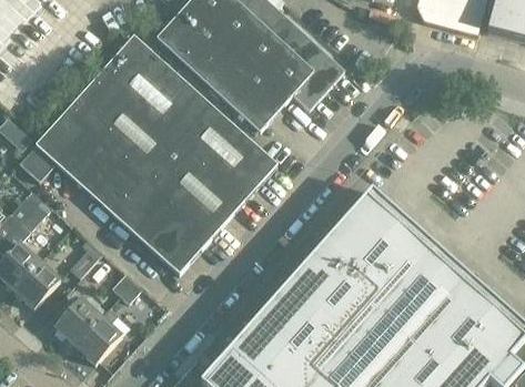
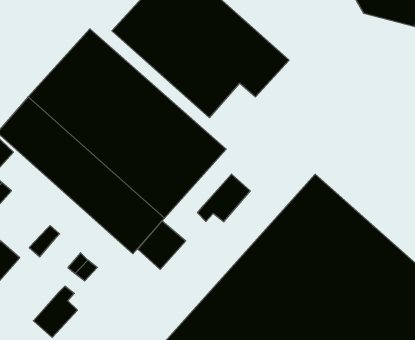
building: none -> [198,174,250,222]
building: none -> [138,221,186,269]
building: [54,296,101,344] -> none

